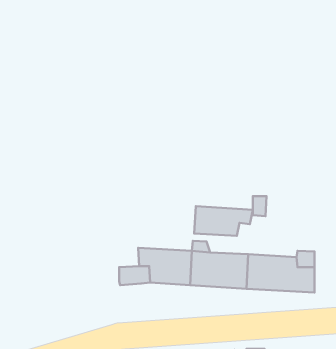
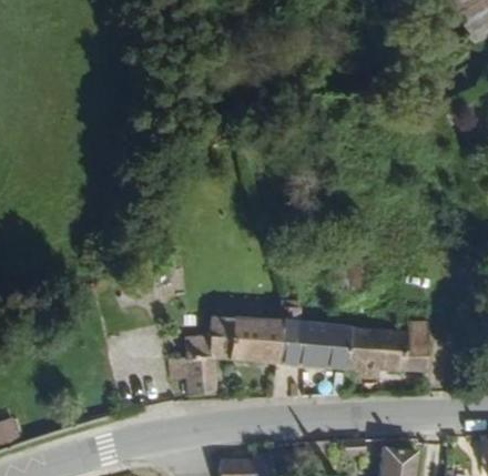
building: [194,206,253,236] -> none
building: none -> [170,358,217,396]

